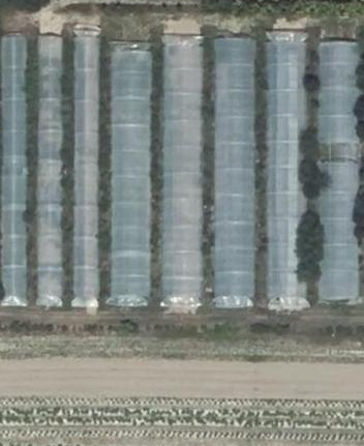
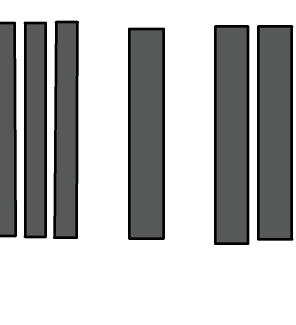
building: [212,36,254,295] -> none
building: [111,50,150,293] -> none

